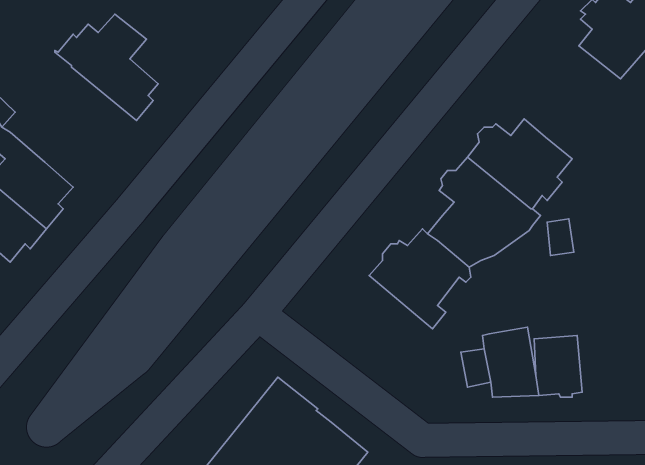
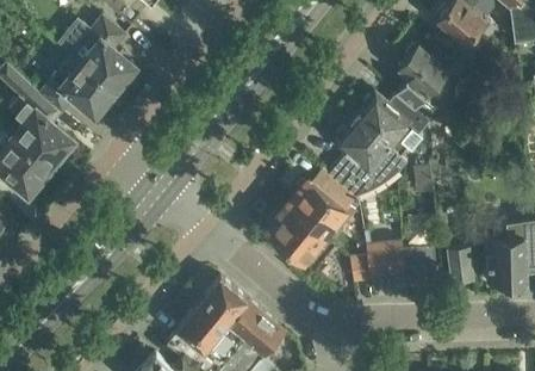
building: none -> [397,45,453,123]
building: none -> [41,56,119,116]
building: none -> [266,205,335,272]
building: none -> [447,248,474,285]

